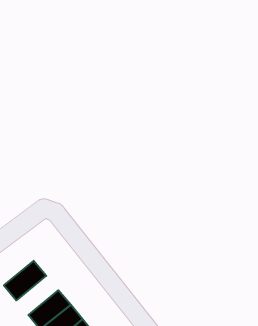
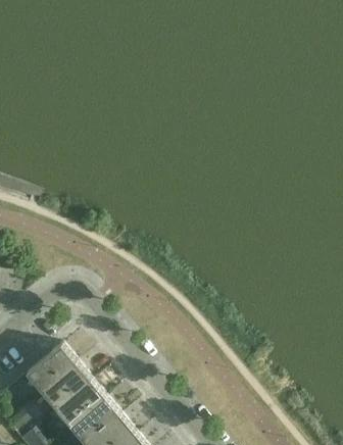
building: none -> [40,362,90,409]

